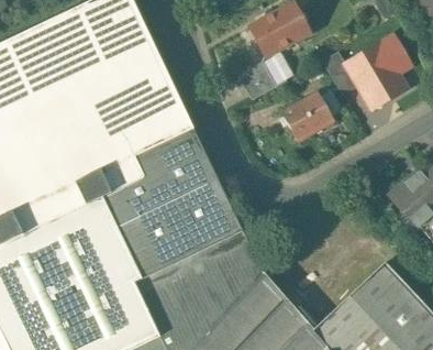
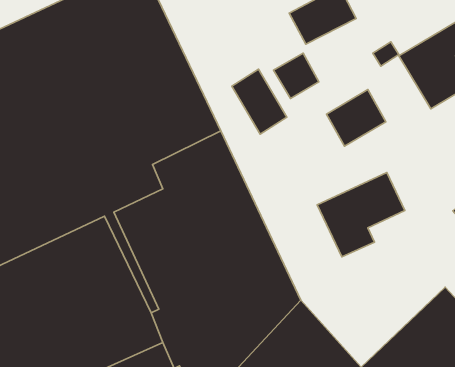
building: none -> [232,69,287,134]
building: none -> [317,172,405,257]

